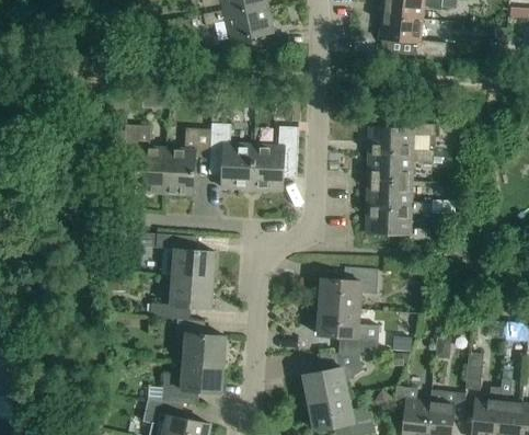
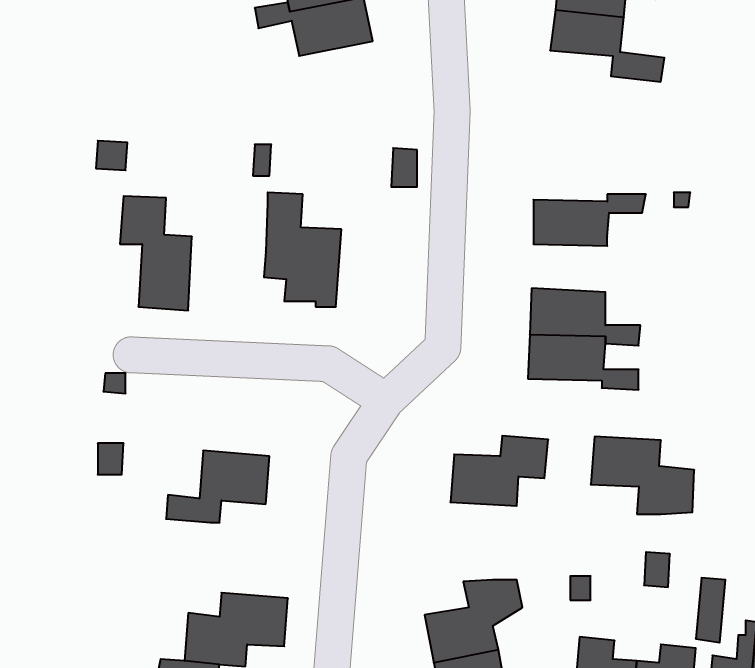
building: [251,126,298,192] -> none
building: [163,128,210,194] -> none
building: [367,149,433,182] -> none
building: [156,233,214,279] -> none
building: [317,307,378,353] -> [591,437,694,514]
building: [175,319,225,364] -> none

